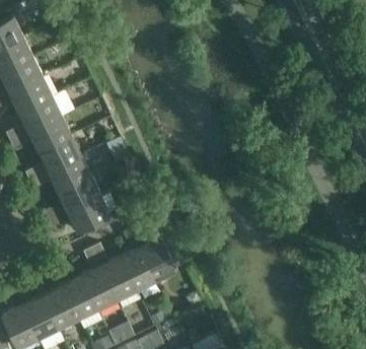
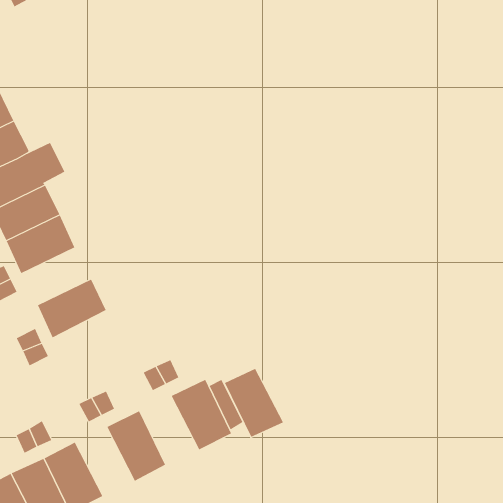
building: [47,156,90,192] -> none
building: [66,195,125,237] -> none
building: [120,248,156,290] -> [224,368,284,437]
building: [80,267,117,309] -> none

